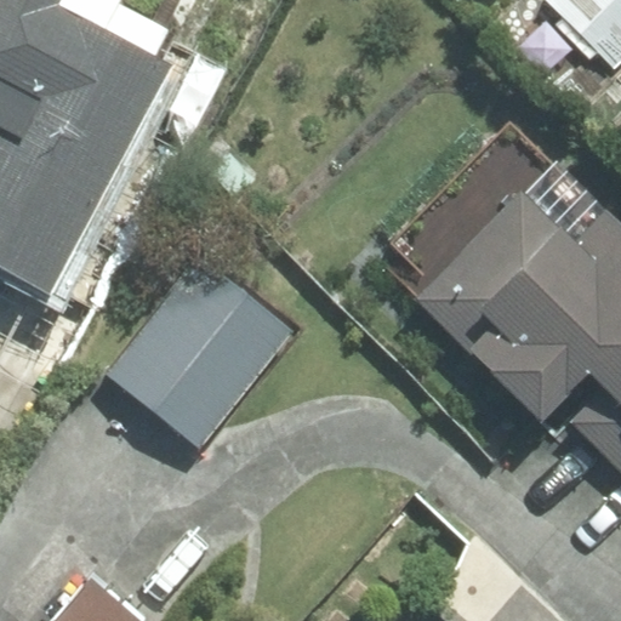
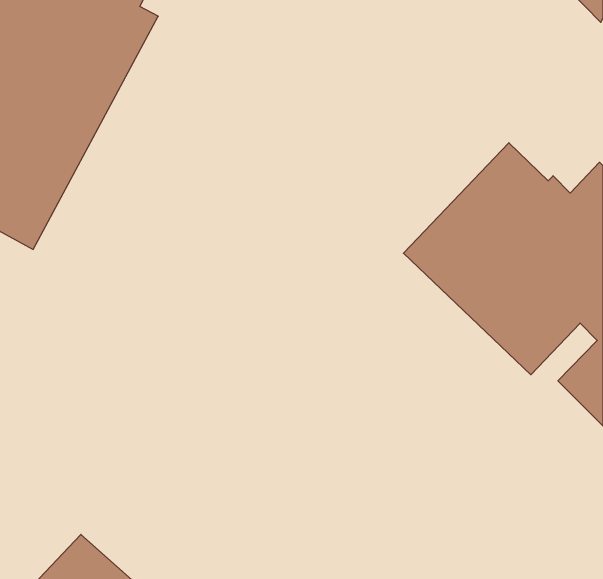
building: [104,256,294,449] -> none

